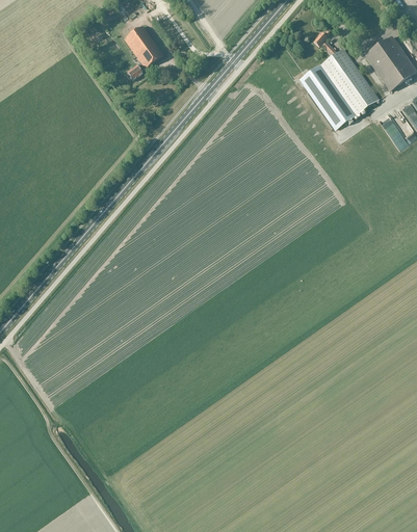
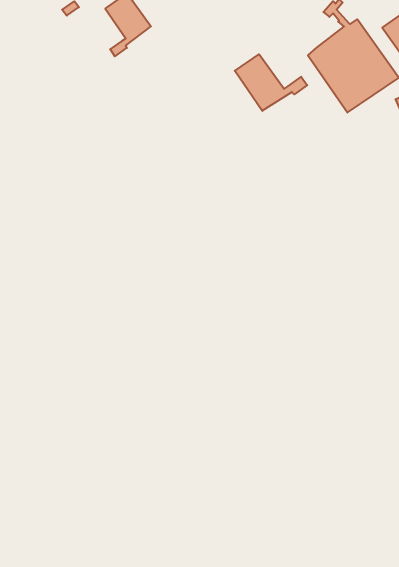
building: none -> [235,54,307,111]

